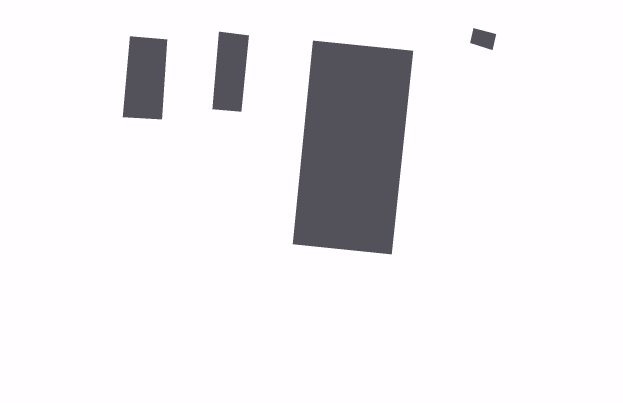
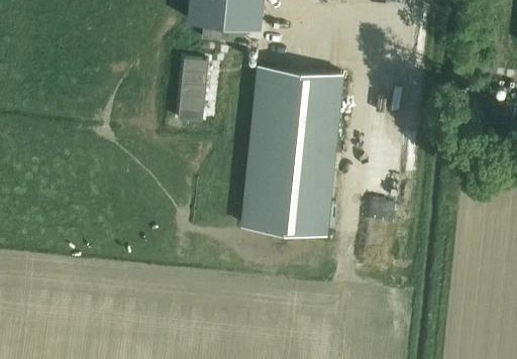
building: [122,35,168,120] -> none

